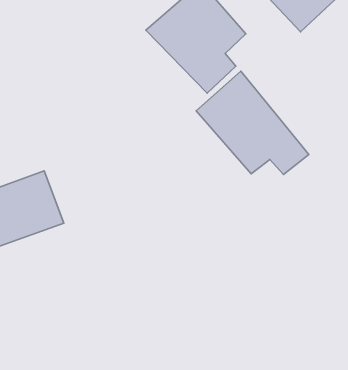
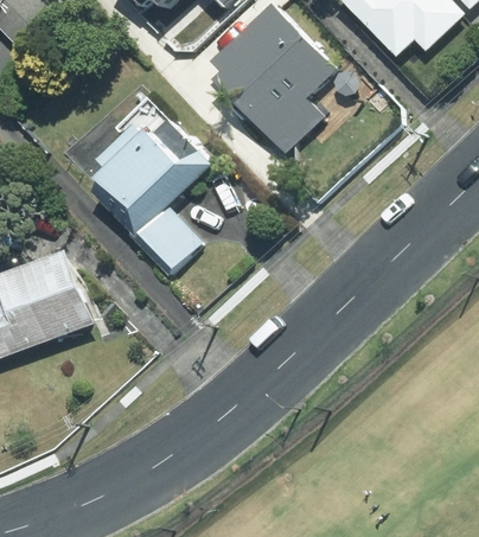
building: none -> [92,109,211,267]
building: [196,71,309,175] -> none

